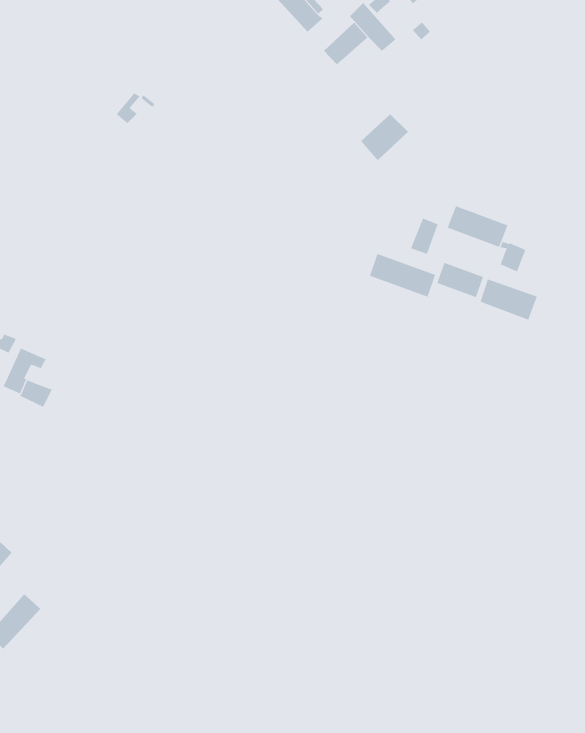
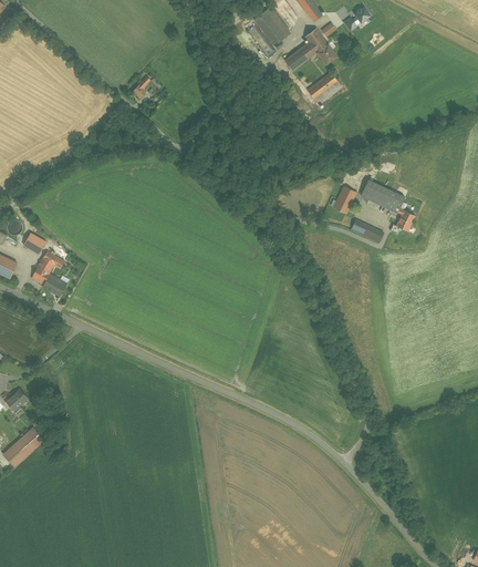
building: [360,113,409,161] -> [306,71,342,104]
building: [369,253,436,298] -> none
building: [480,279,537,321] -> none

